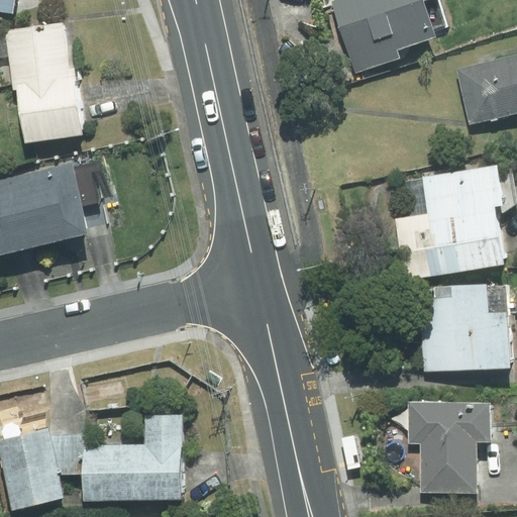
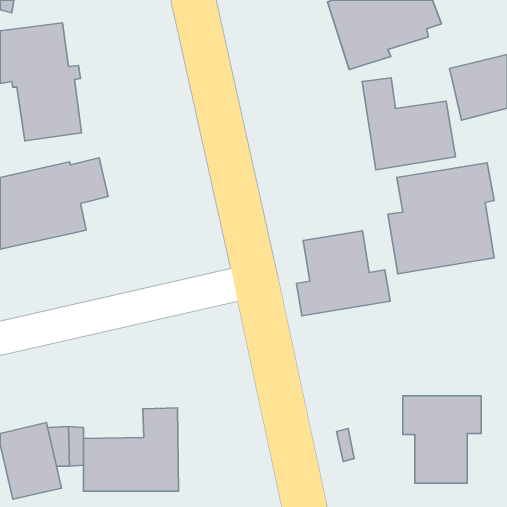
building: none -> [362,78,455,170]
building: none -> [297,231,390,316]
building: [420,286,510,372] -> none

